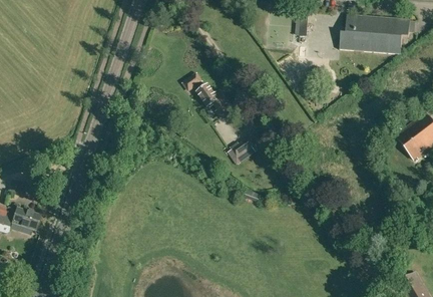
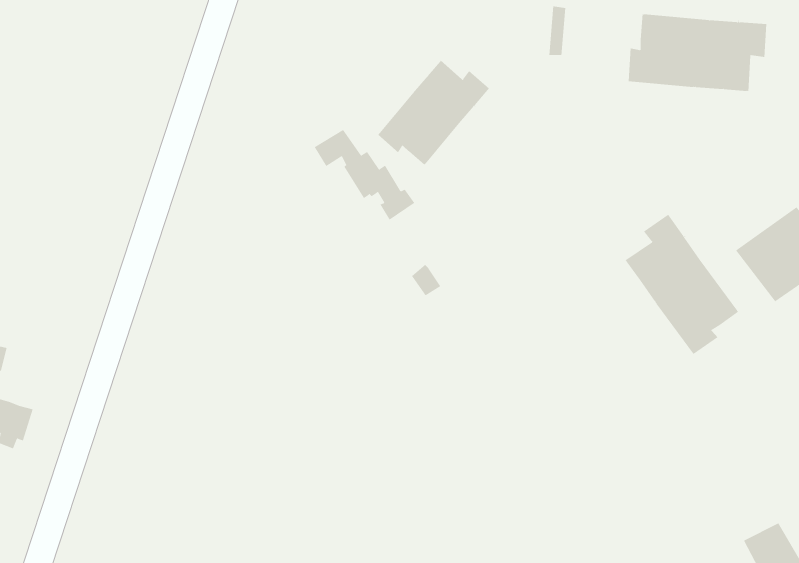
building: none -> [378,60,490,166]
building: none -> [625,214,739,355]

